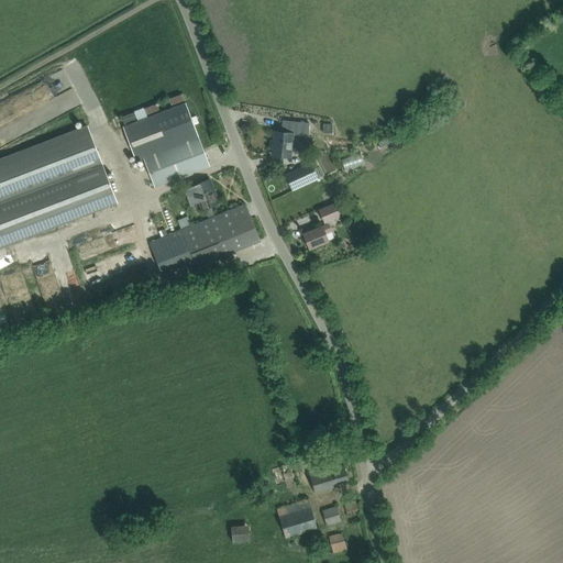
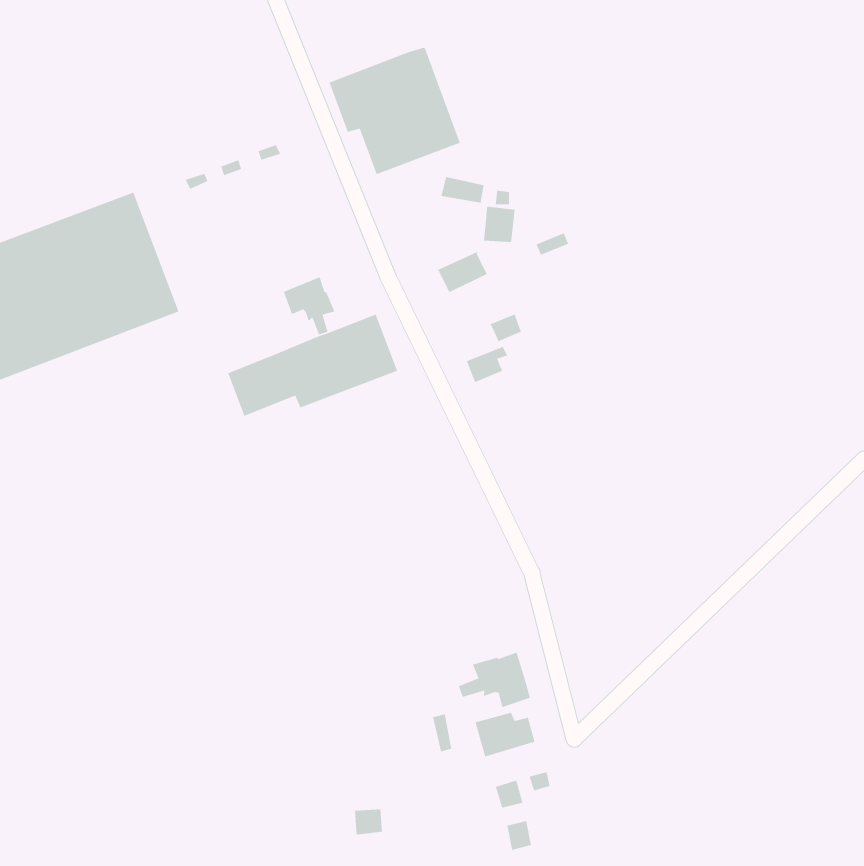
building: [122,103,208,187] -> [329,46,461,175]
building: [271,132,291,156] -> [483,206,515,243]
building: none -> [458,652,531,708]
building: [276,499,316,547] -> none

